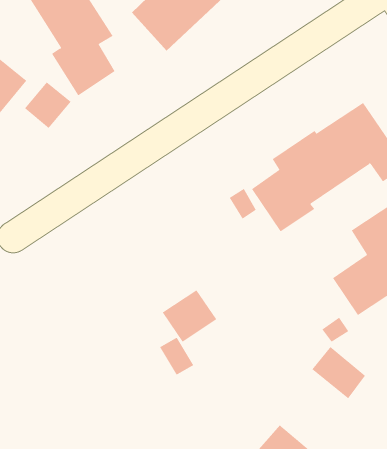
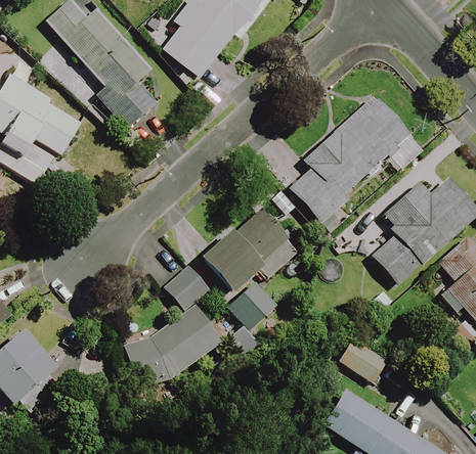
building: [24,81,71,129] -> none
building: none -> [190,201,296,293]
building: none -> [123,267,222,387]
building: [312,346,366,399] -> [338,337,386,381]

